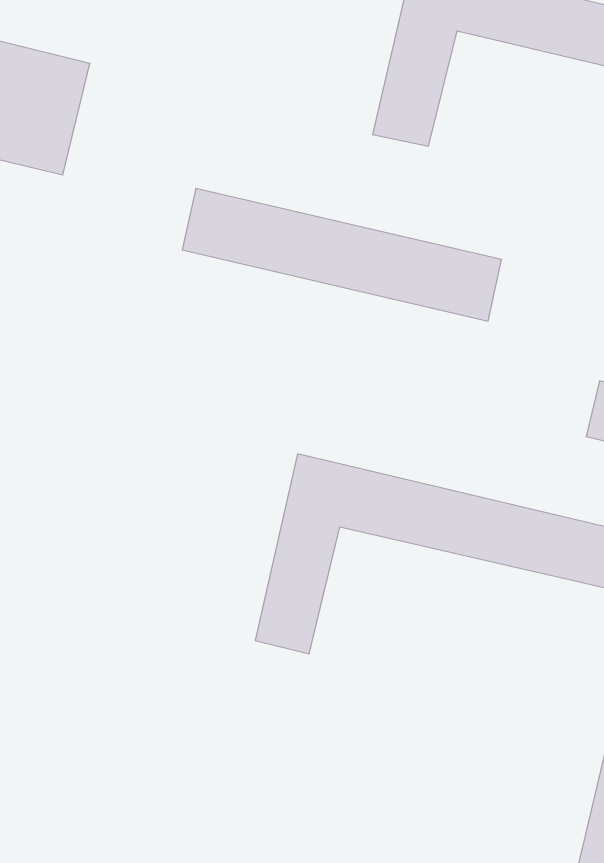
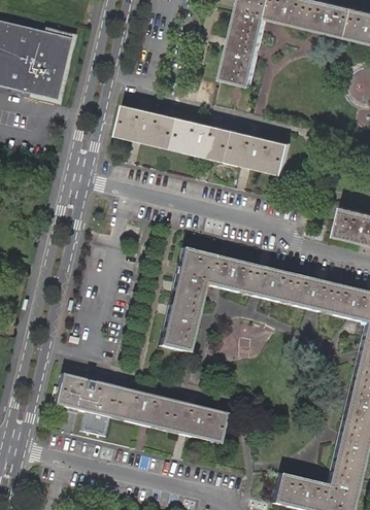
building: none -> [55,374,227,446]

